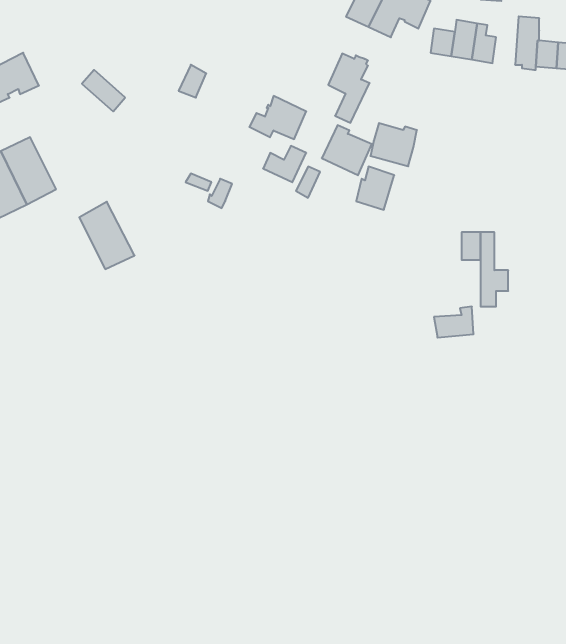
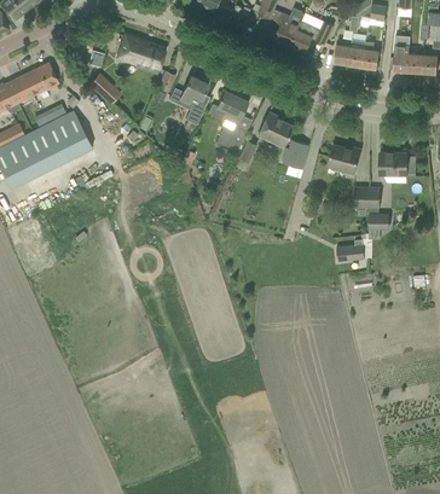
building: none -> [116,34,166,69]
building: [328,54,370,123] -> [180,76,209,124]
building: [370,123,417,166] -> [328,144,360,174]
building: none -> [380,152,407,175]
building: [79,202,135,269] -> [53,110,92,157]

